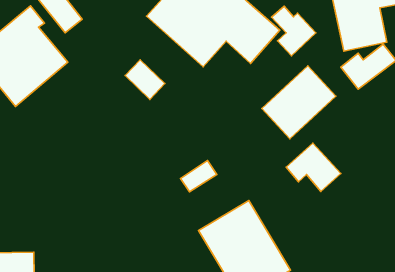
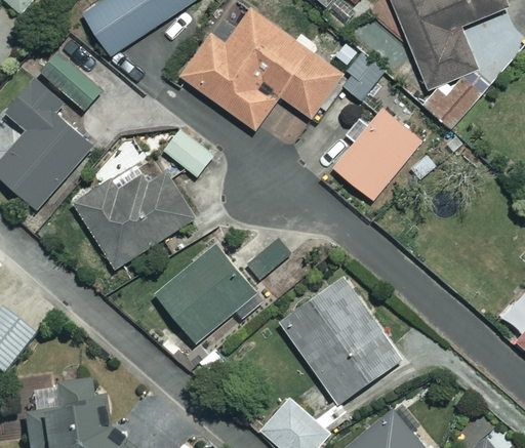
building: none -> [75,171,195,269]
building: [286,143,341,191] -> none
building: none -> [158,245,256,341]

